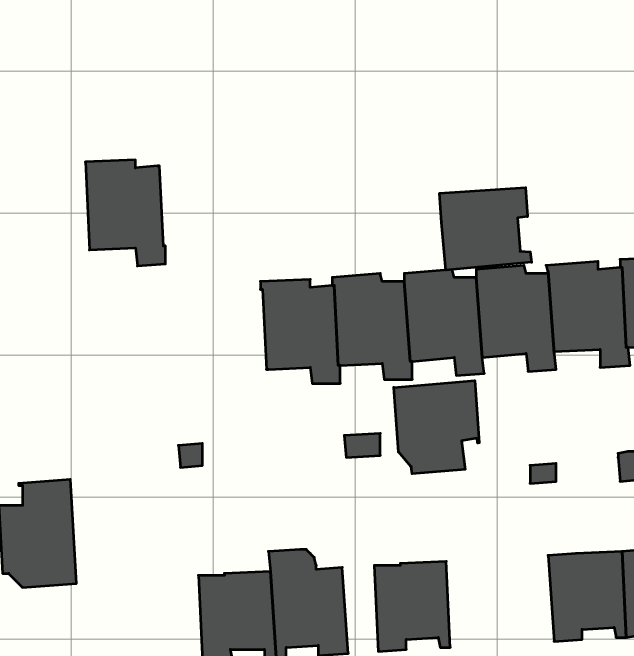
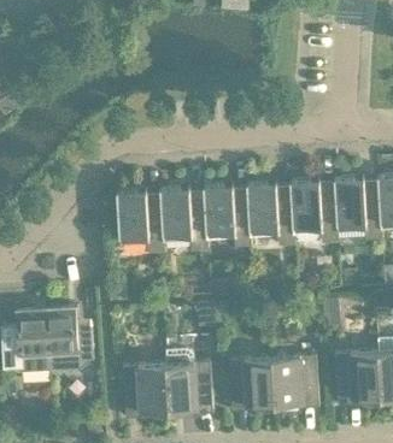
building: [85,160,165,266] -> [116,189,164,253]
building: [440,188,532,270] -> none
building: [394,381,479,474] -> none
building: none -> [45,306,92,370]
building: none -> [271,354,318,408]

